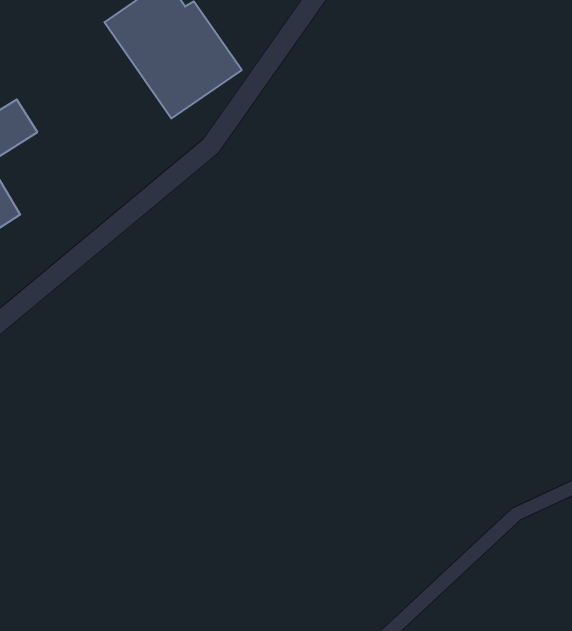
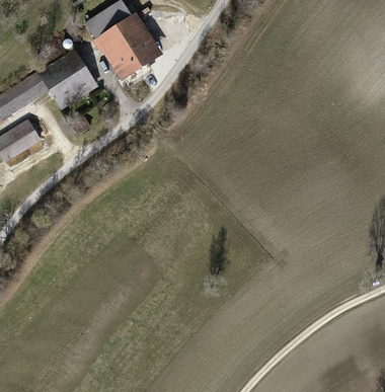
building: none -> [35,48,98,111]

